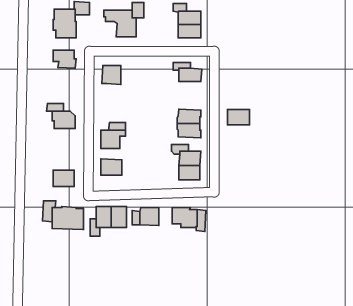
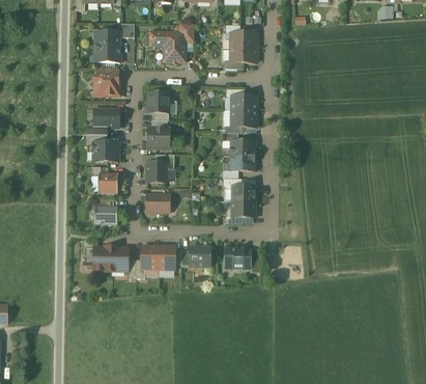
building: none -> [94,109,119,128]
building: none -> [148,128,170,148]
building: [228,109,250,125] -> [232,110,256,127]
building: none -> [98,173,118,193]

